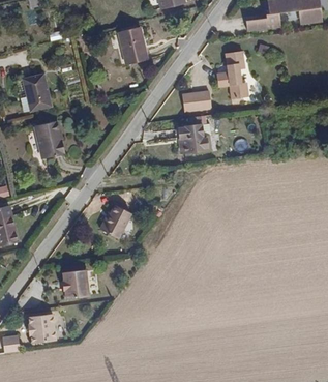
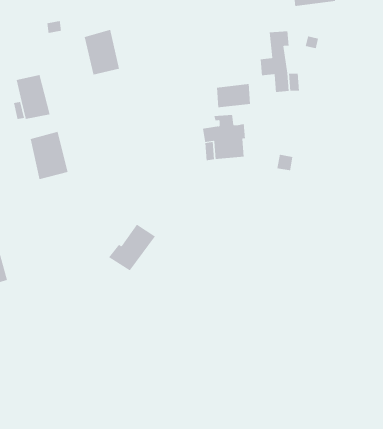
building: [119,28,148,65] -> [84,29,120,75]
building: [56,265,82,294] -> none
building: [20,313,47,342] -> none

